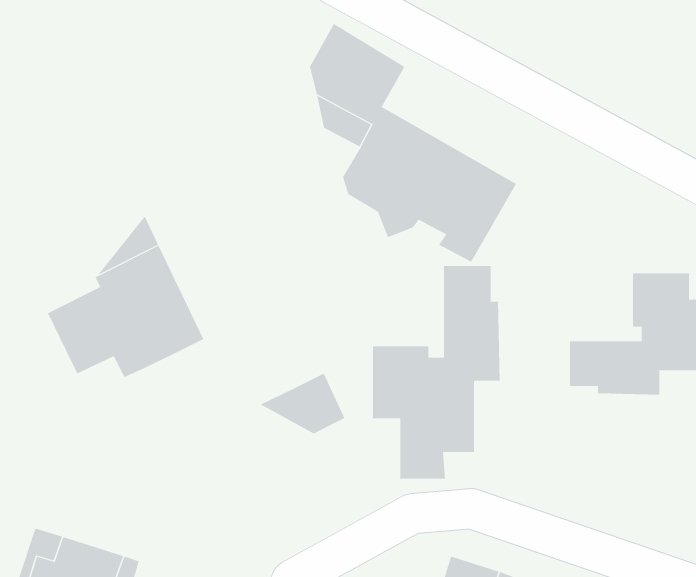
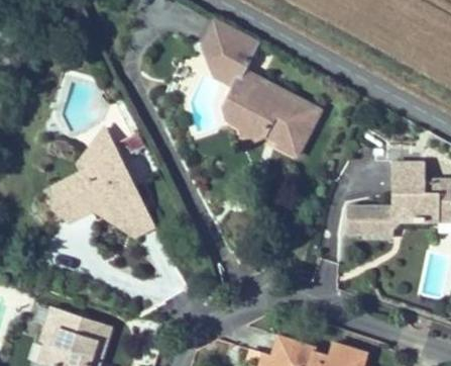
building: [372,265,500,480] -> none
building: [260,373,345,434] -> [105,203,154,239]

